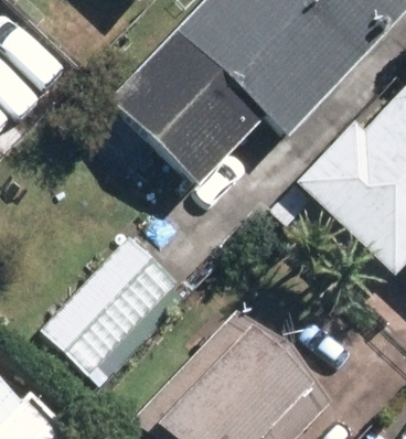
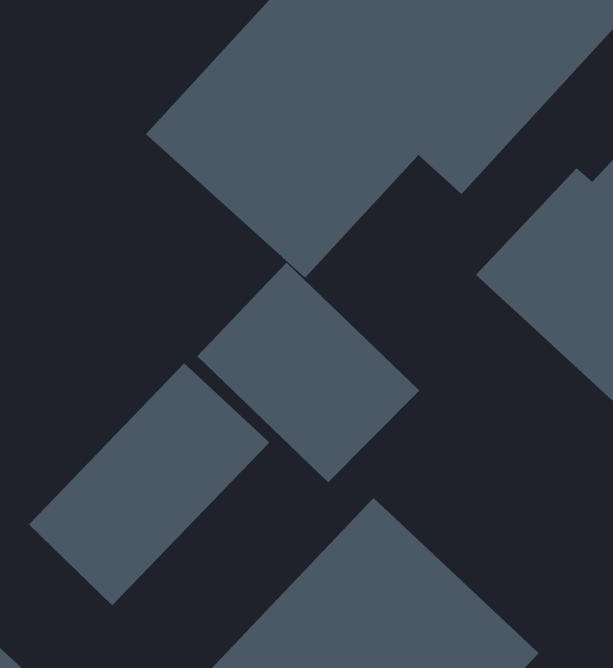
building: none -> [197,262,420,483]

